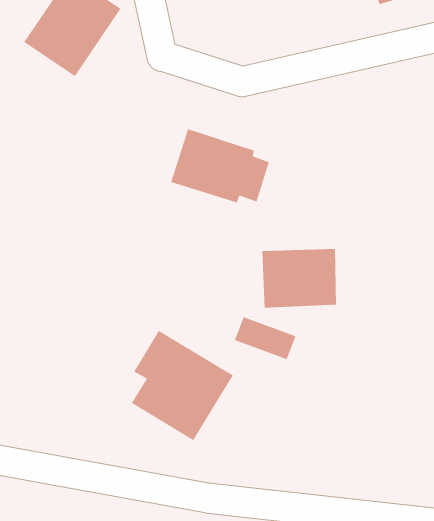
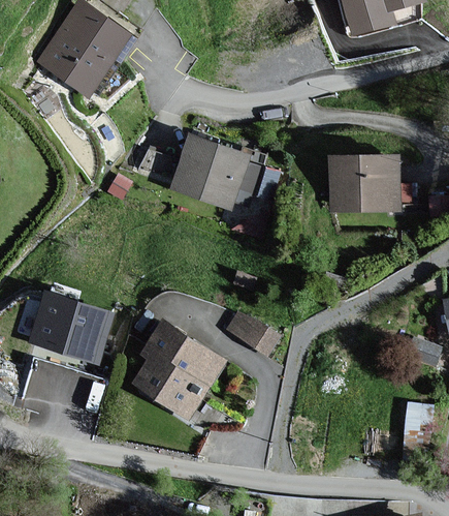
building: [262,248,337,309] -> [330,158,397,212]
building: none -> [32,293,113,360]

